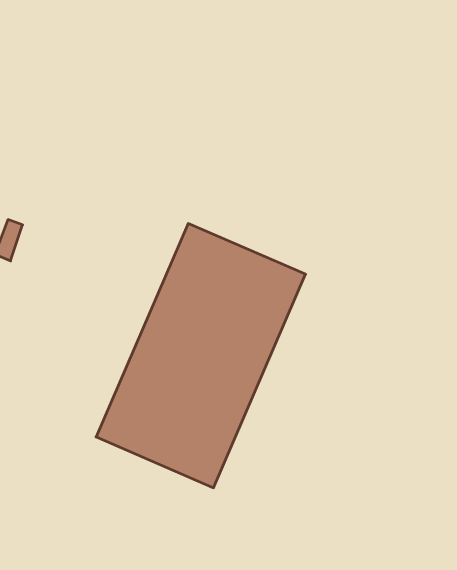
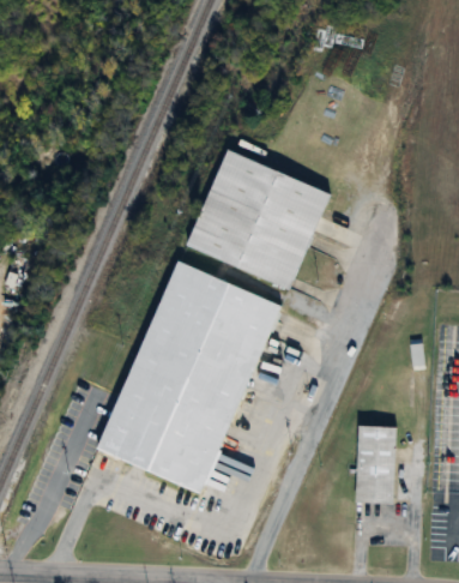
building: none -> [189,151,331,287]
building: none -> [357,427,394,505]

